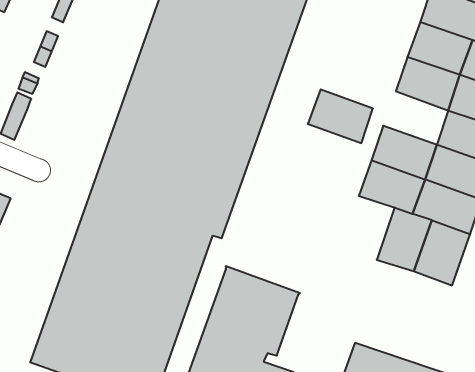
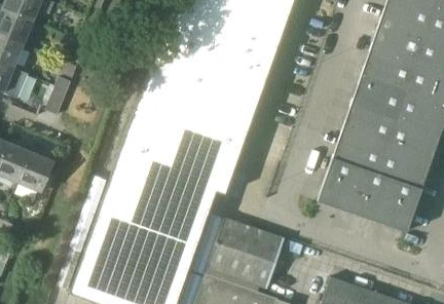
building: [308,89,373,143] -> [353,76,405,119]
building: none -> [319,160,362,212]

